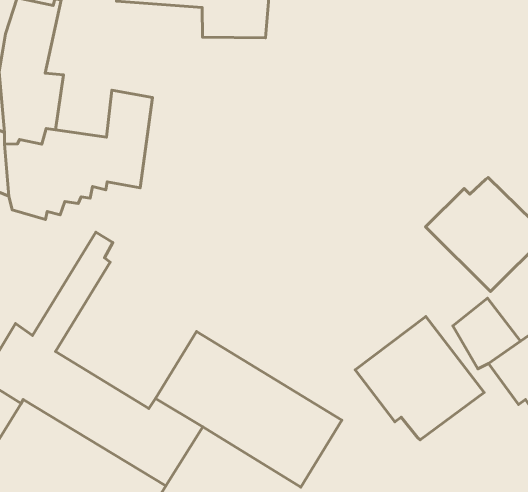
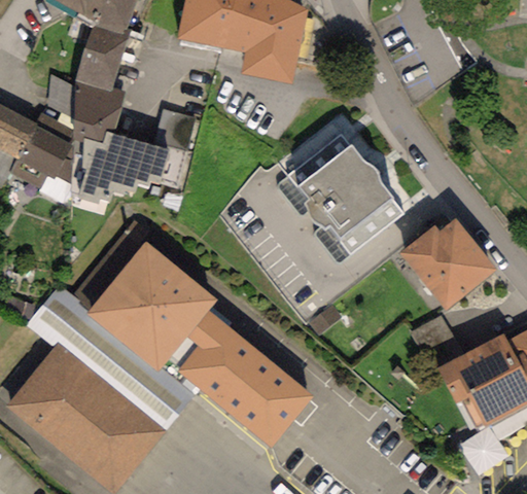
building: none -> [287,136,402,255]
building: none -> [90,244,214,367]
building: [355,317,484,440] -> none

